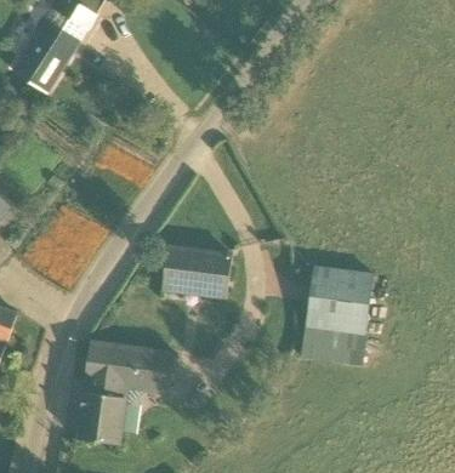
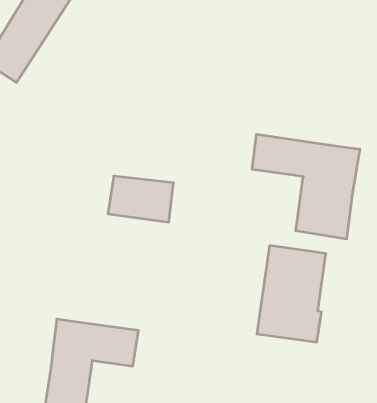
building: none -> [252,134,360,239]
building: [163,247,232,296] -> [108,176,174,222]

